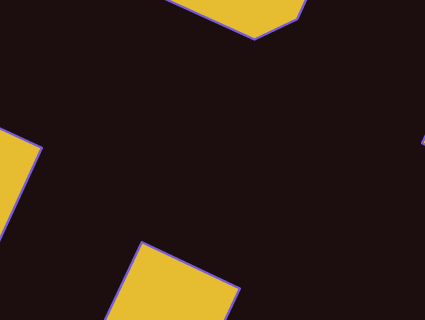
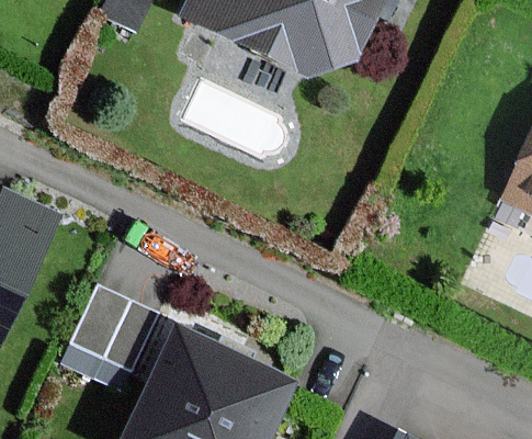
building: none -> [56,285,155,392]

